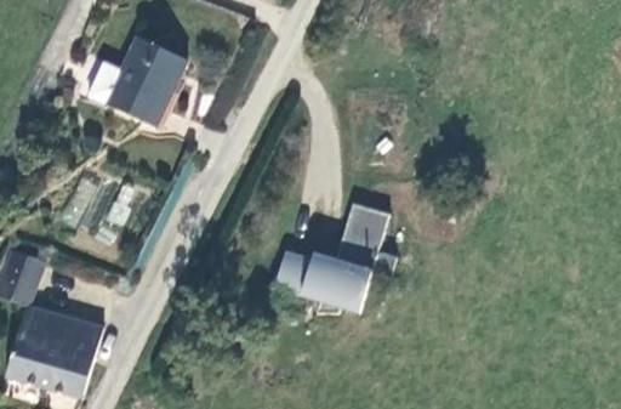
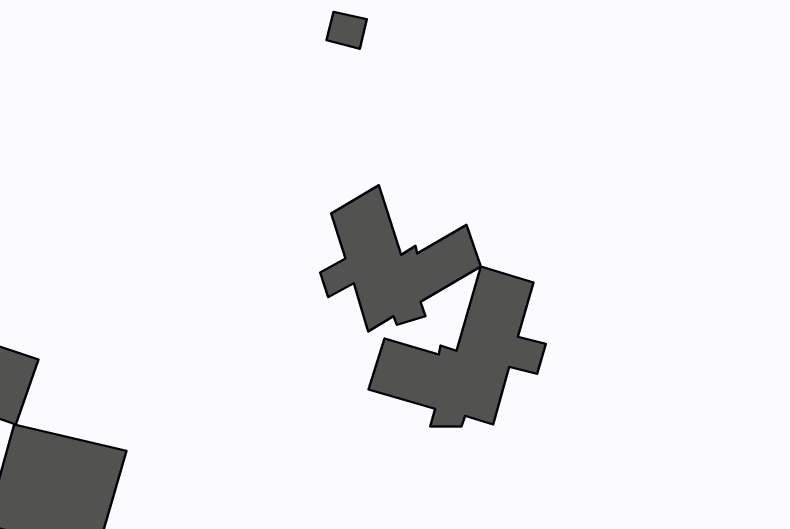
building: [86,34,188,126] -> none
building: none -> [320,185,481,332]

